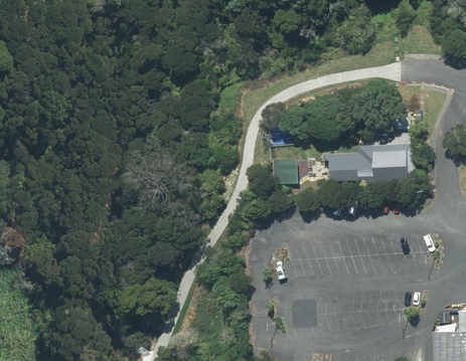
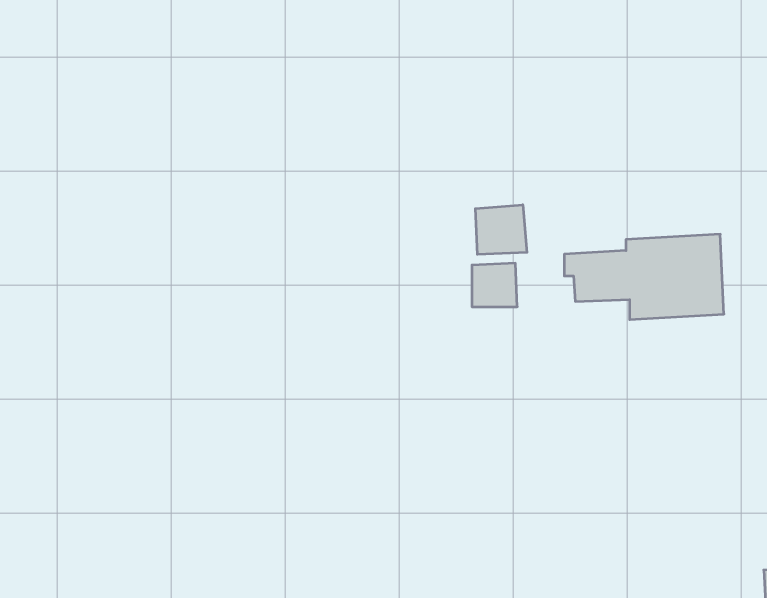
building: none -> [475,205,527,254]

